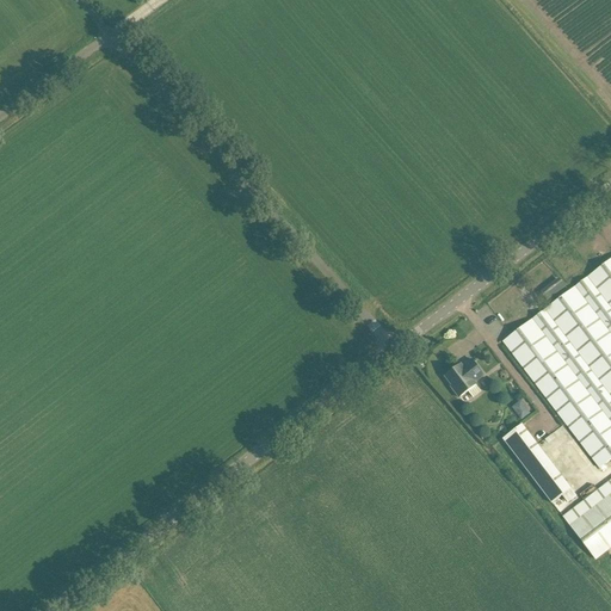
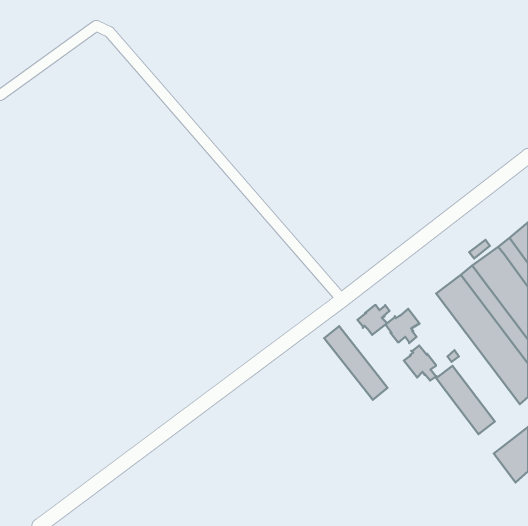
building: none -> [358,305,389,335]
building: none -> [324,326,388,400]
building: none -> [404,345,436,380]

